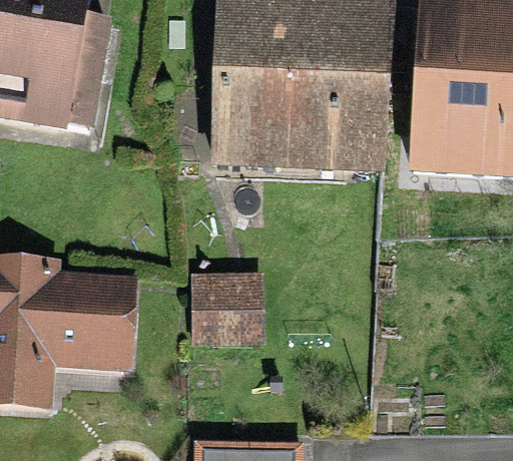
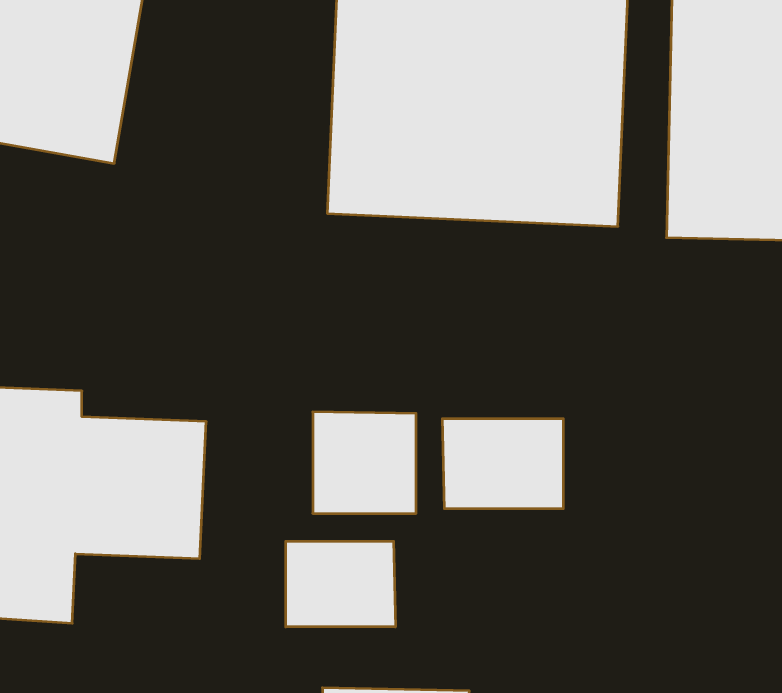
building: none -> [442,419,563,509]
building: none -> [286,541,395,627]

